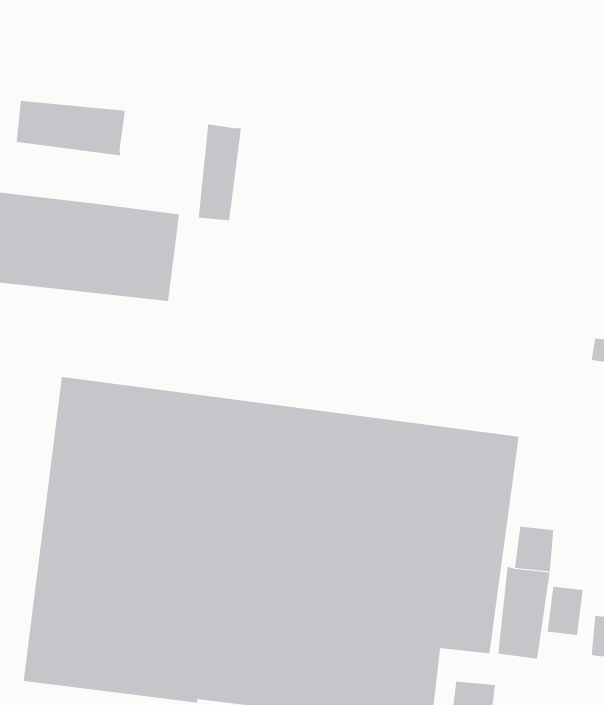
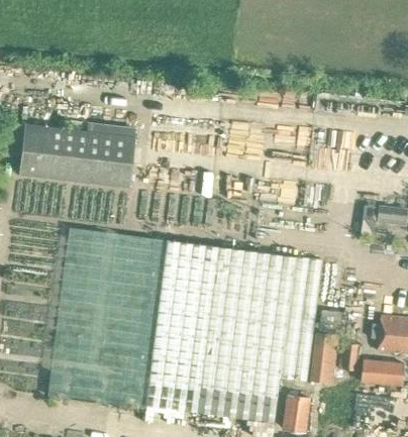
building: [16,100,126,156] -> none
building: [198,124,242,221] -> none

